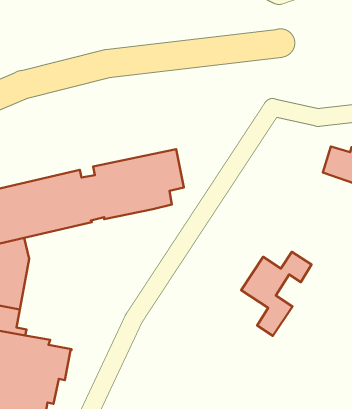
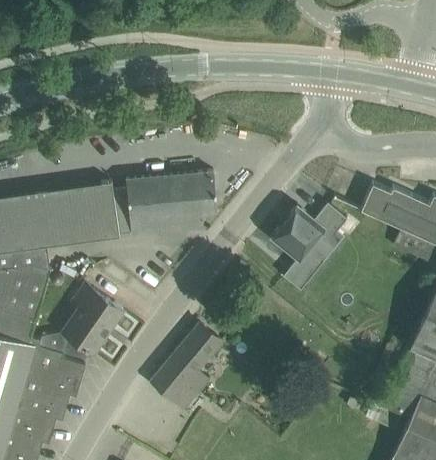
building: [241,252,312,336] -> [271,205,346,289]
building: none -> [64,285,123,354]
building: none -> [151,324,221,410]

